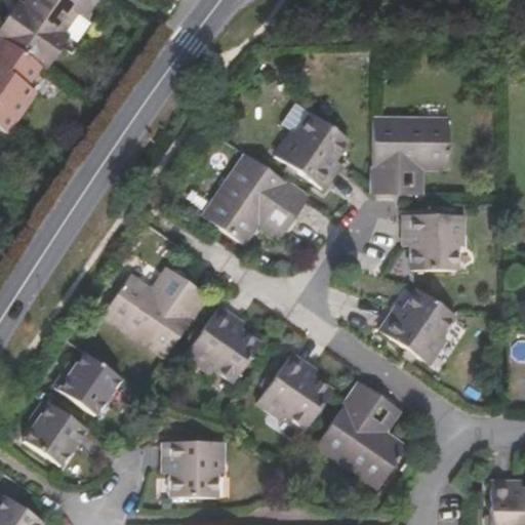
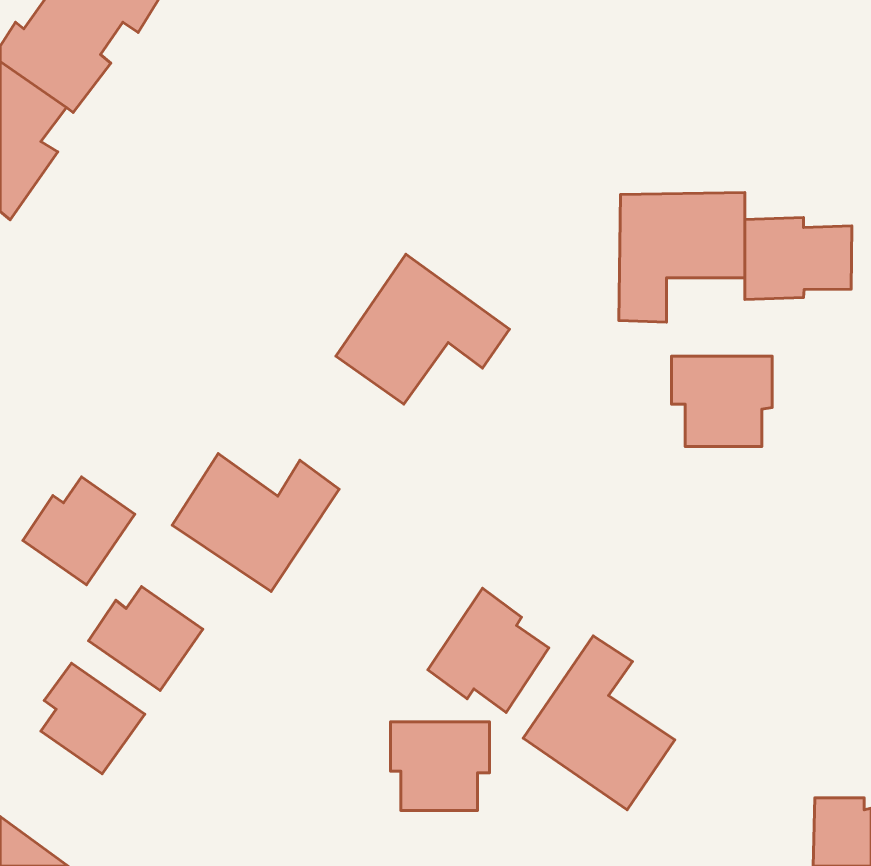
building: [275,102,349,190] -> none
building: none -> [745,218,852,300]
building: none -> [23,477,135,585]
building: [380,289,455,363] -> none
building: [187,307,259,381] -> none
building: [164,442,224,495] -> [391,722,489,810]

